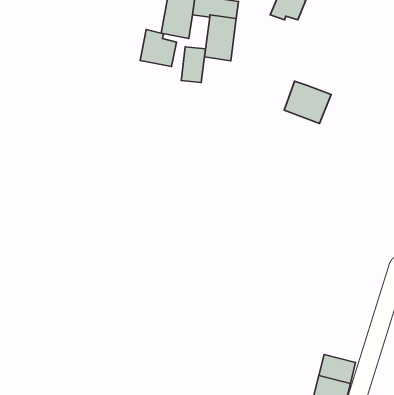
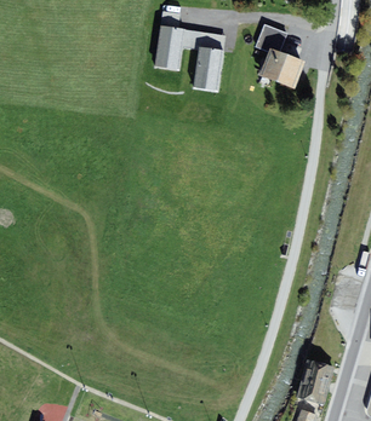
building: [140,30,176,66] -> none
building: [181,47,205,83] -> none
building: [284,81,331,123] -> [259,48,303,87]

